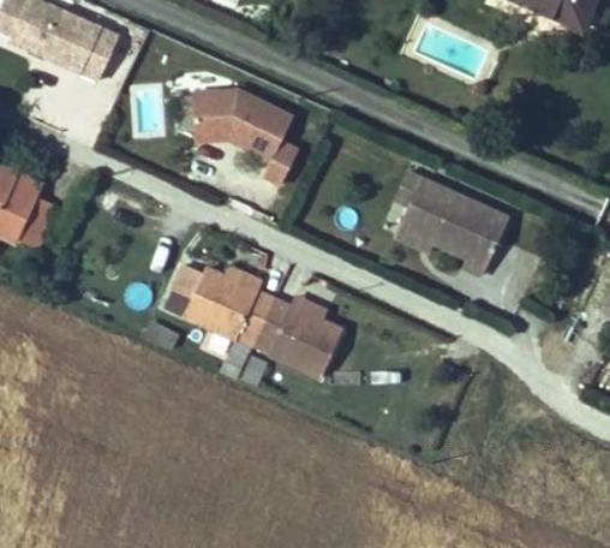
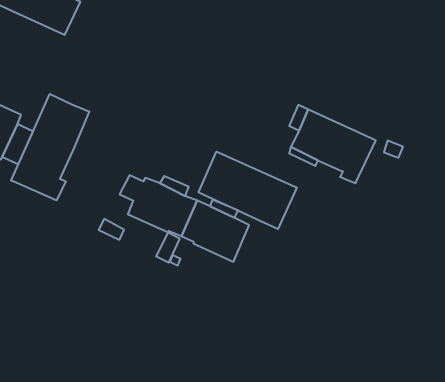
building: [192,89,298,183] -> none
building: none -> [11,94,89,200]
building: none -> [199,152,297,229]

